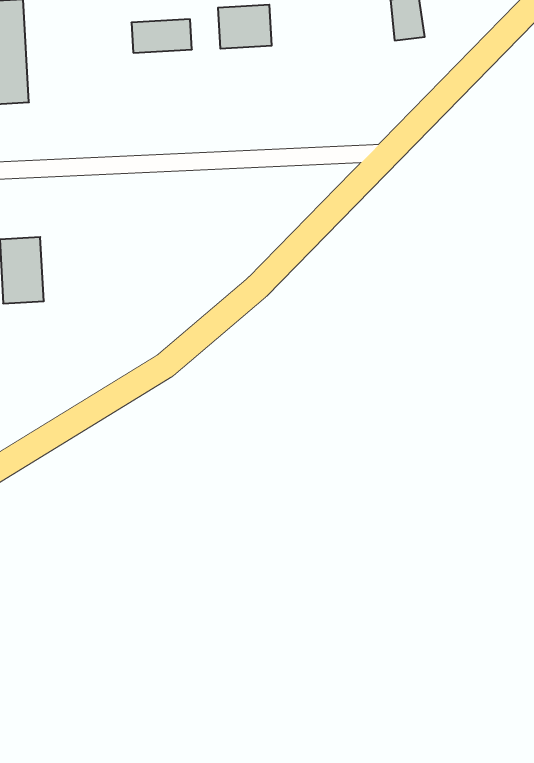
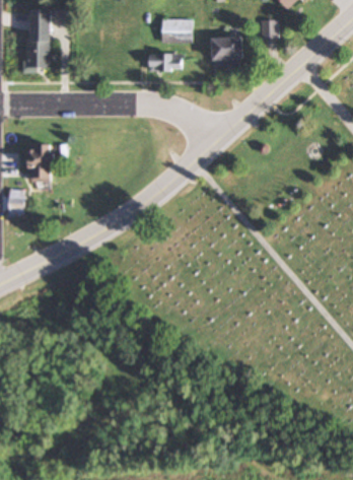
building: [131,19,192,53] -> [147,52,181,69]
building: none -> [212,37,241,64]

